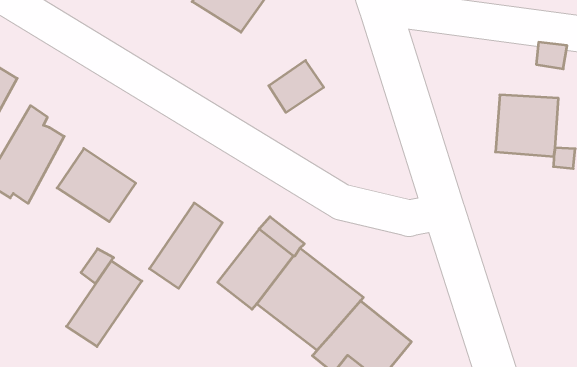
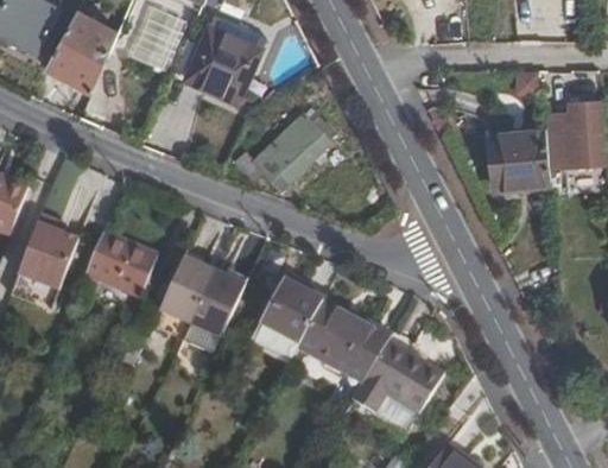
building: [66,261,142,347] -> [151,259,215,342]

